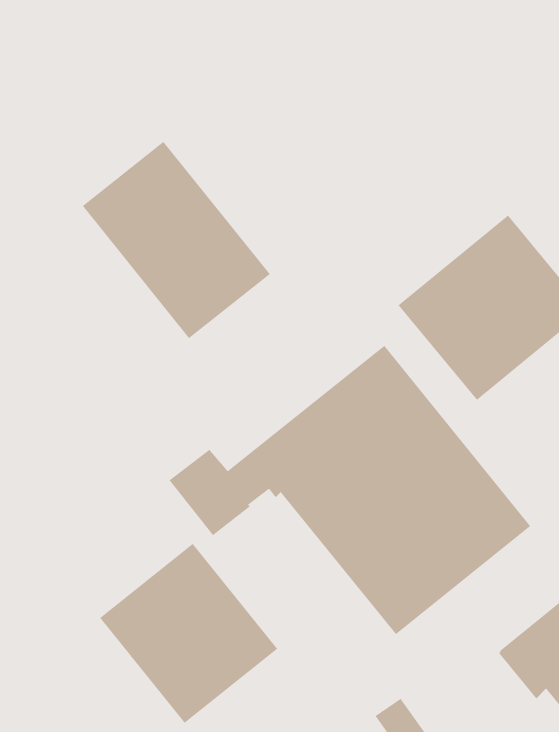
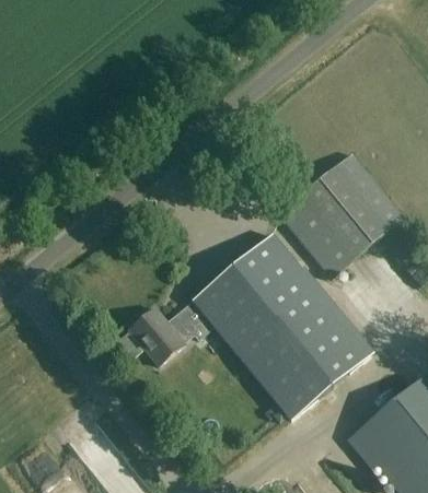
building: [82,141,271,339] -> none
building: [99,543,278,724] -> none

